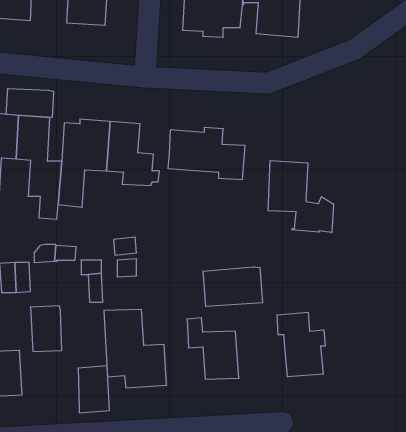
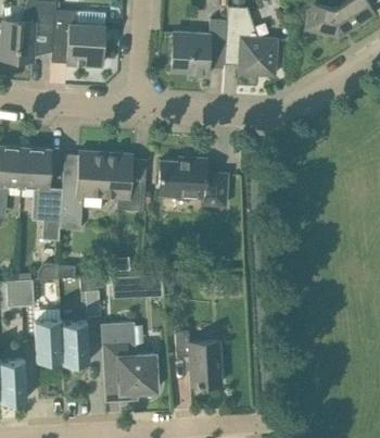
building: [6,88,54,117] -> none
building: [268,161,334,233] -> none
building: [203,267,263,306] -> none
building: [277,312,325,377] -> none
building: [78,366,109,413] -> [61,322,89,364]

